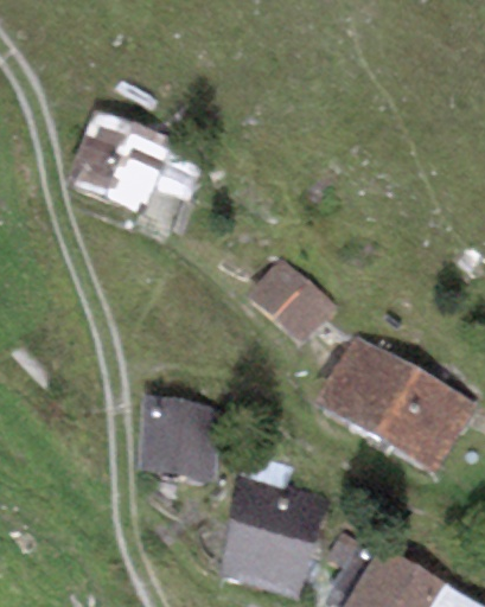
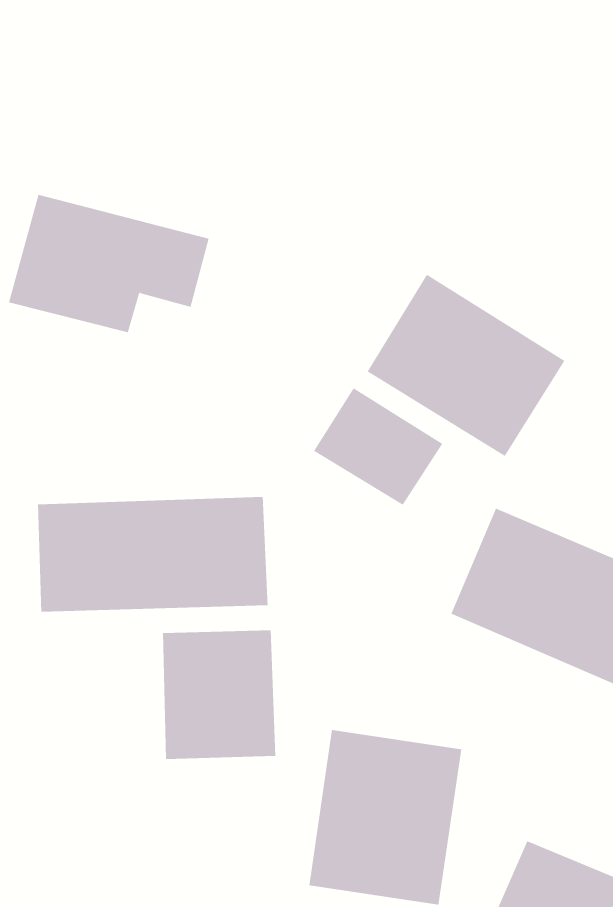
building: none -> [367,274,565,457]
building: none -> [38,496,268,613]

